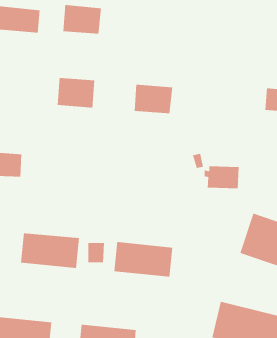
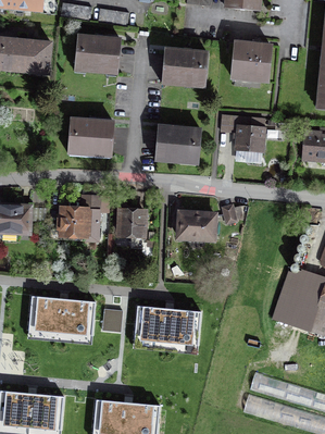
building: none -> [228,41,271,79]
building: none -> [163,49,208,83]
building: none -> [221,114,264,161]
building: none -> [58,195,110,235]
building: none -> [120,210,145,238]
building: [204,166,239,189] -> [175,212,215,238]

